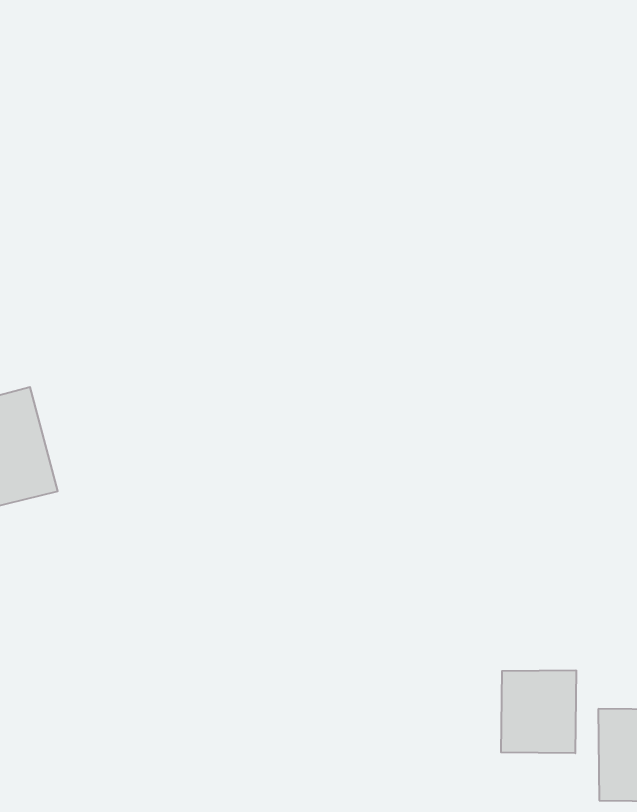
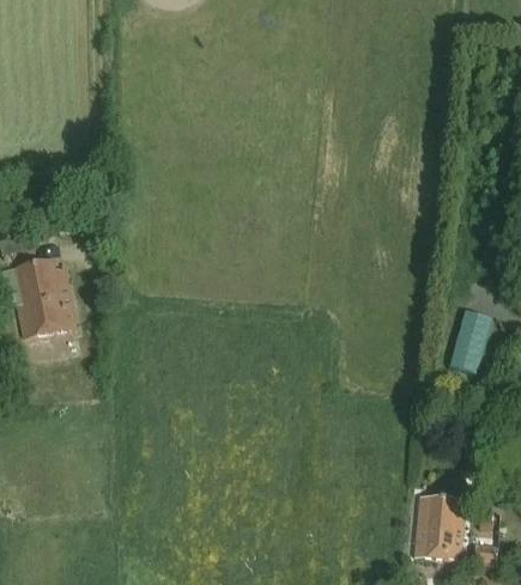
building: [501,670,576,753] -> none

